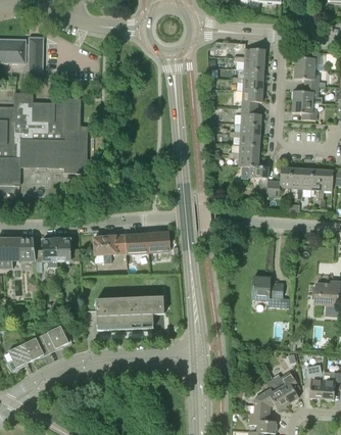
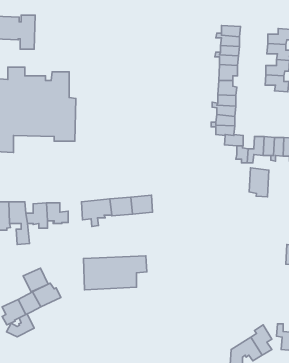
building: none -> [249,168,269,197]
building: [252,277,284,302] -> none
building: none -> [23,268,48,292]
building: none -> [6,314,34,337]

